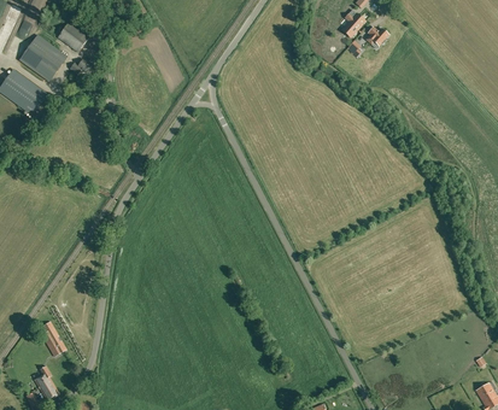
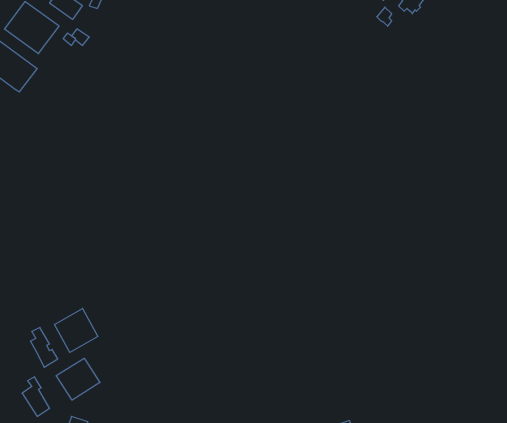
building: none -> [54,308,98,352]
building: none -> [56,358,100,400]

